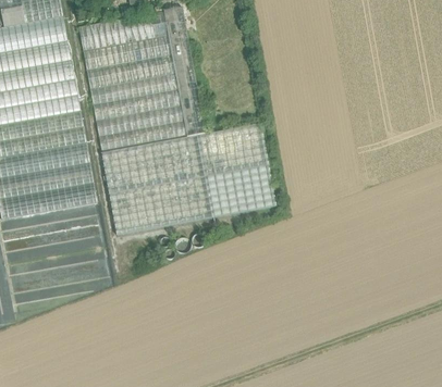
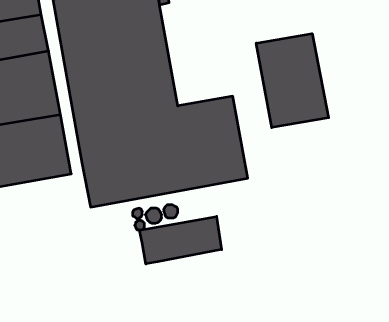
building: none -> [256,34,329,128]
building: none -> [140,216,222,264]

